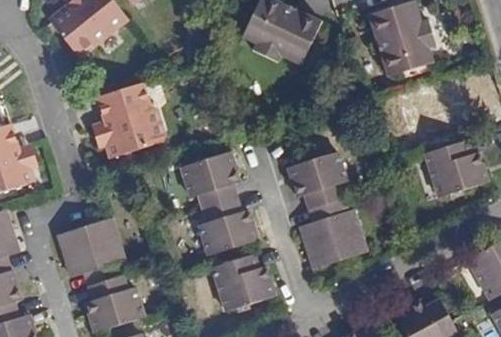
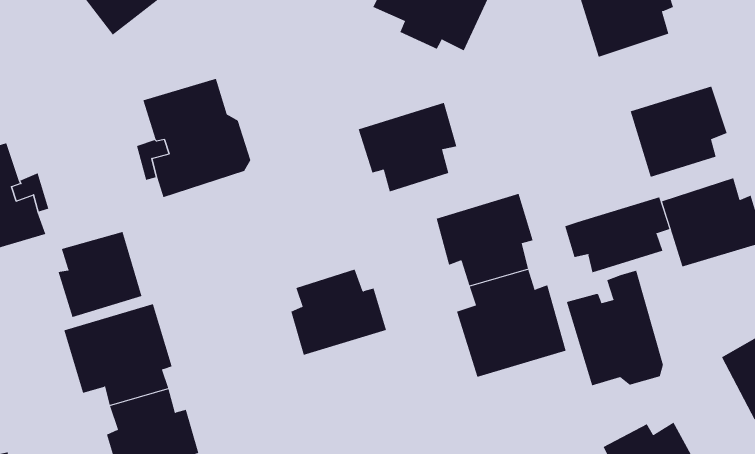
building: none -> [564,196,670,273]
building: [174,157,237,214] -> [358,102,457,192]
building: none -> [58,231,142,318]
building: none -> [566,270,664,386]
building: [203,257,270,314] -> none

